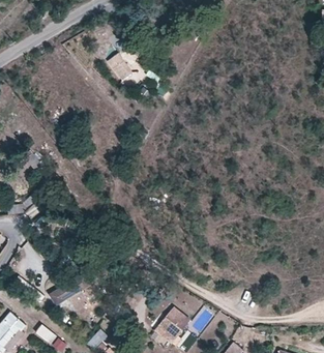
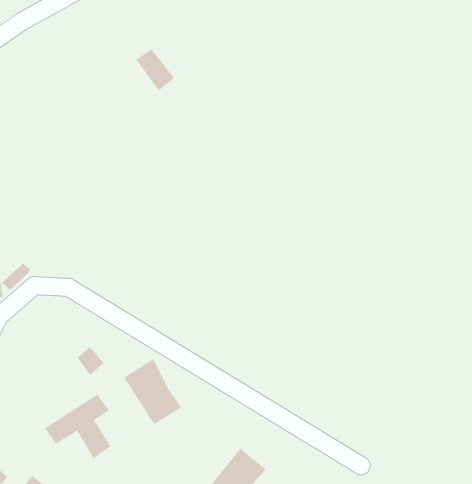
building: none -> [124,358,182,425]

